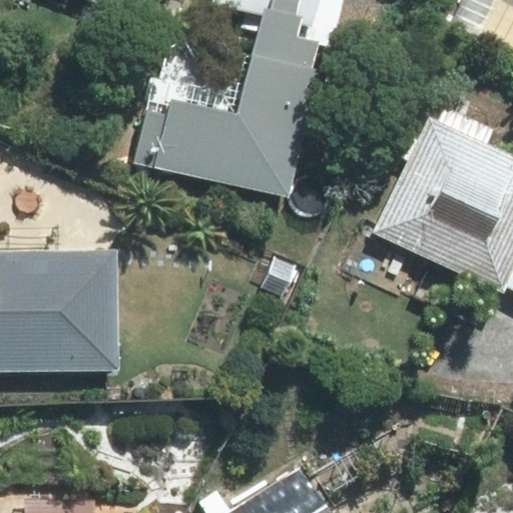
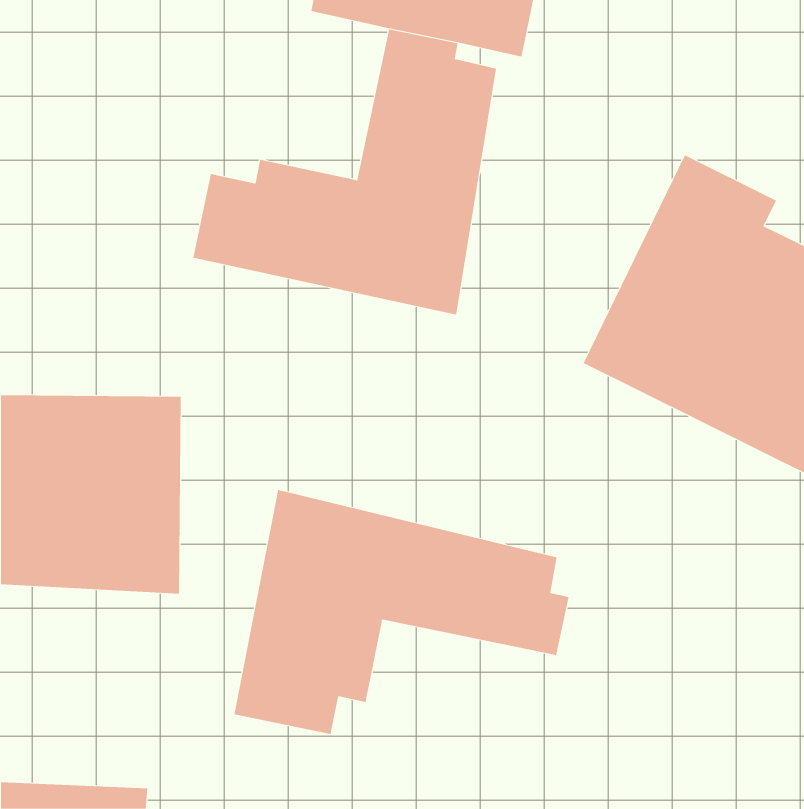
building: none -> [234,489,569,735]

